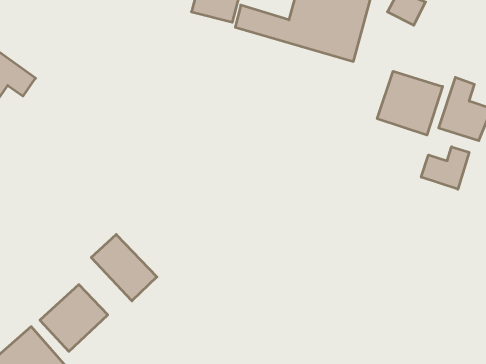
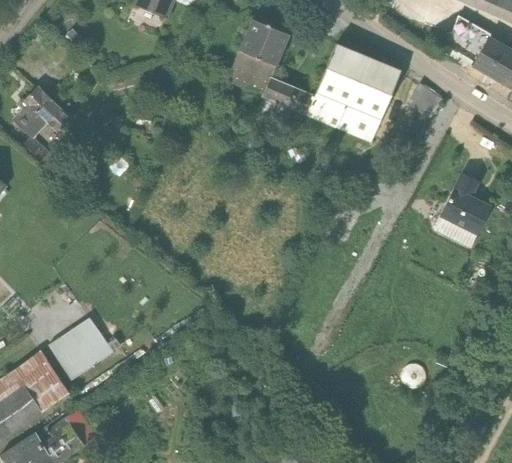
building: [377,71,443,135] -> none
building: [421,147,469,189] -> none
building: [91,234,157,301] -> none

